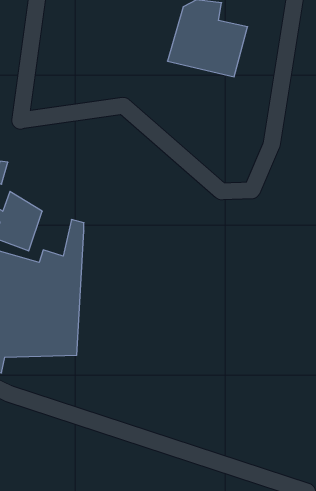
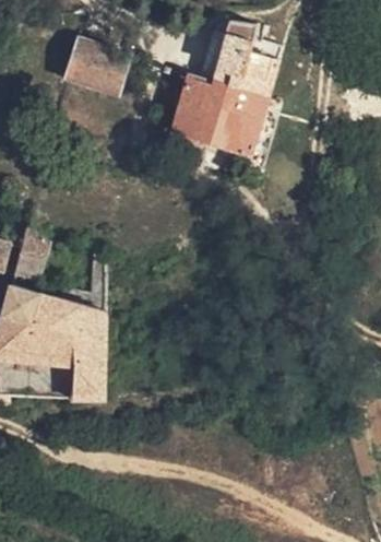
building: none -> [73,47,131,93]
building: none -> [171,84,265,162]

